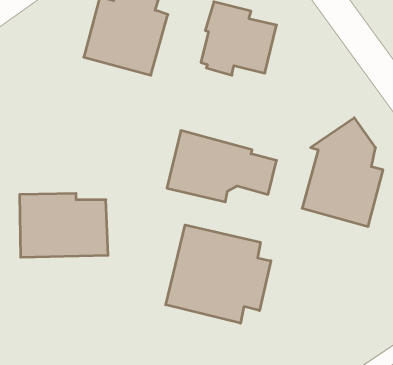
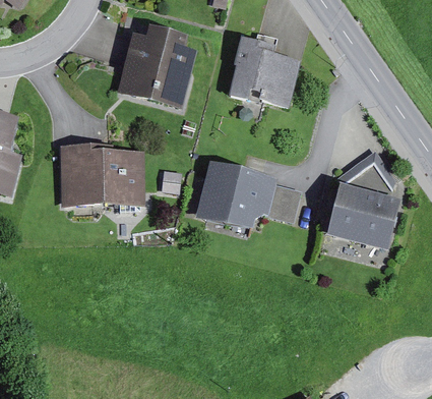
building: [20,193,108,257] -> [60,144,144,205]
building: [166,225,271,323] -> none

